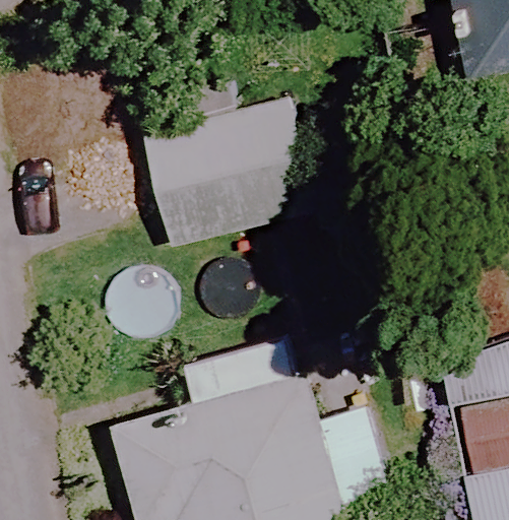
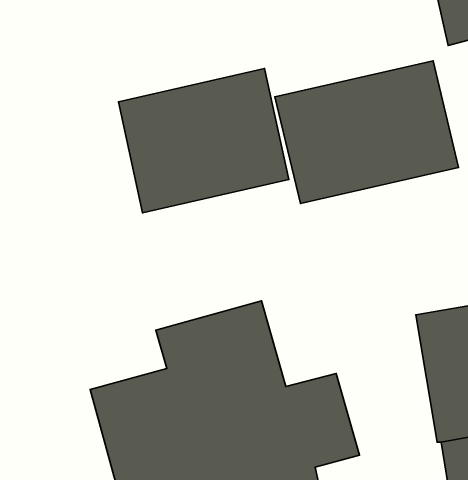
building: none -> [275,61,458,203]

